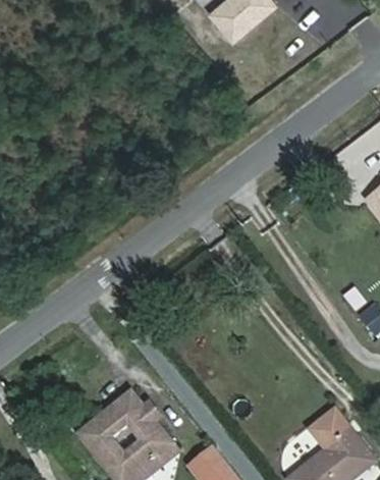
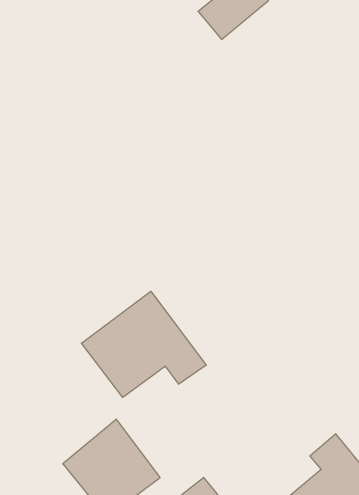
building: none -> [81,291,206,397]

